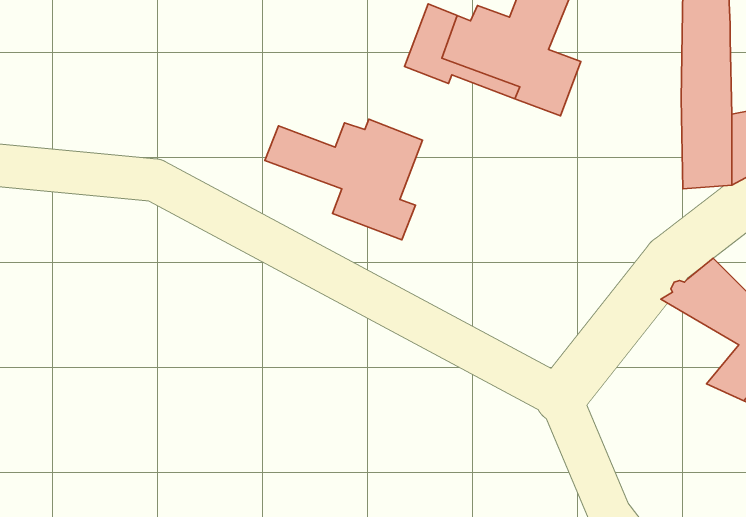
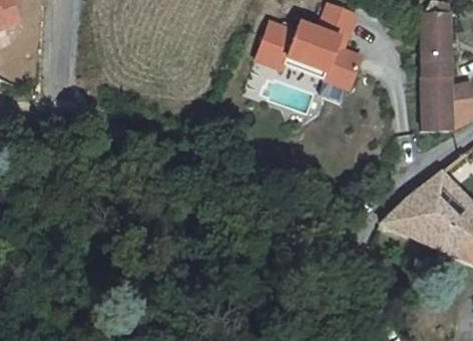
building: [265,119,423,240] -> none
building: none -> [382,196,455,246]

